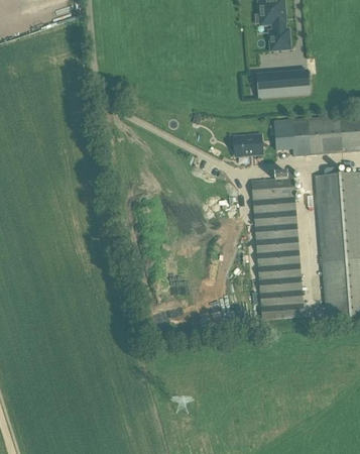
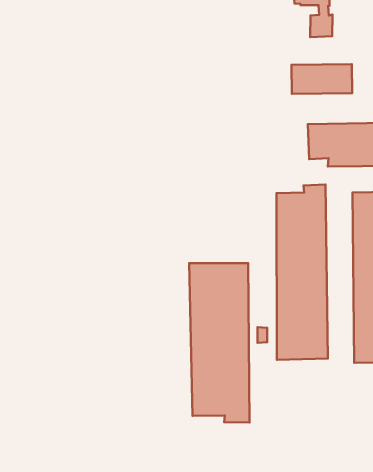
building: [232,134,262,156] -> none
building: none -> [189,263,250,423]

